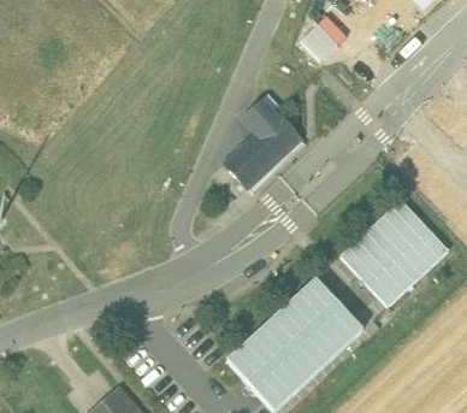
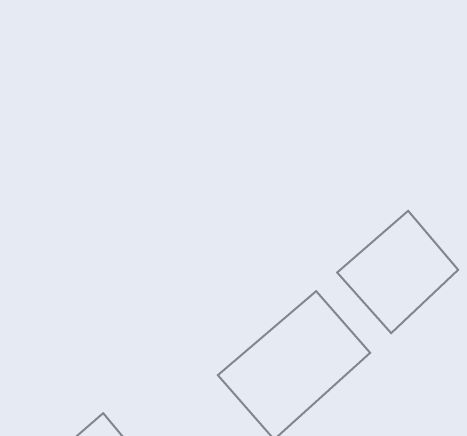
building: [225,94,302,182] -> none

